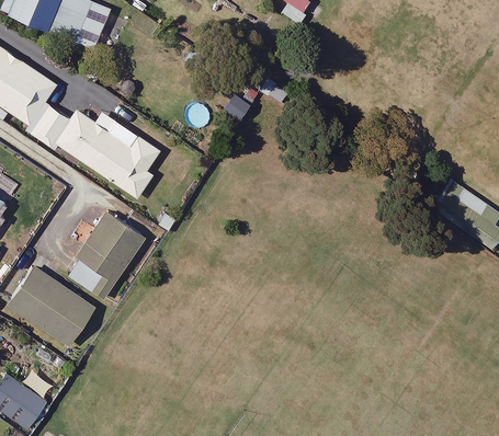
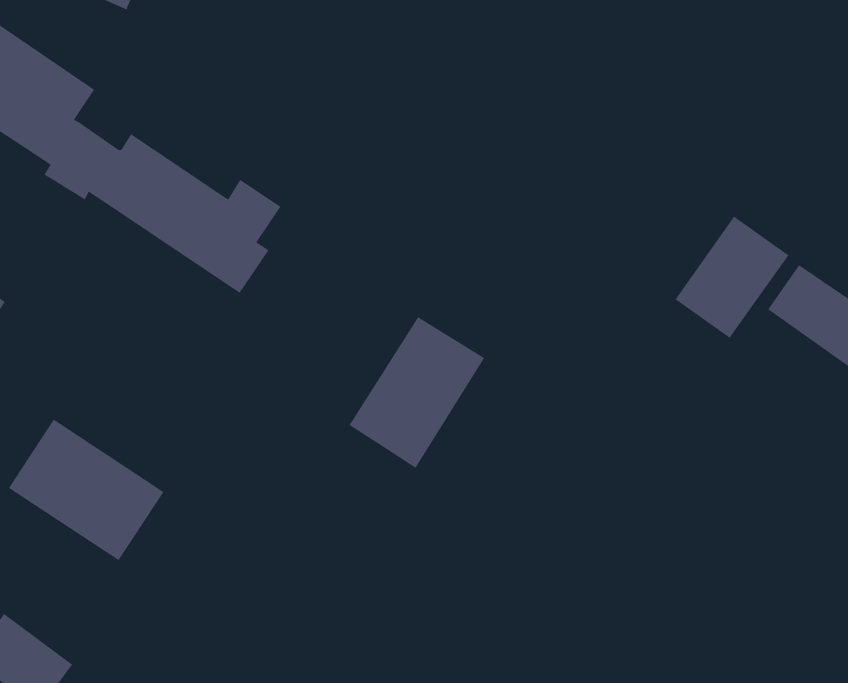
building: none -> [674,216,789,339]
building: [68,215,144,299] -> [348,316,485,469]

